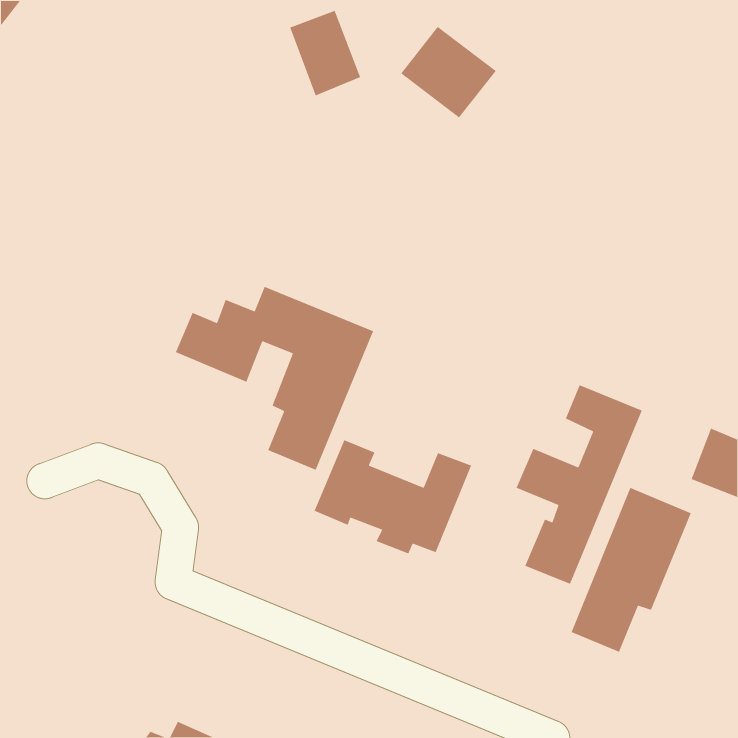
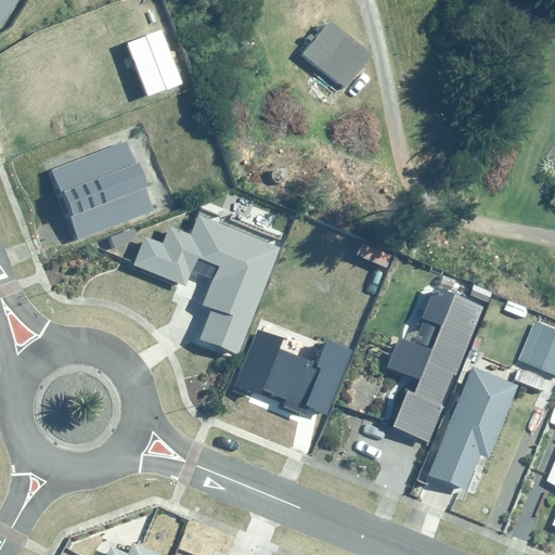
building: [289,10,361,96] -> [126,31,180,96]
building: none -> [51,142,152,238]

